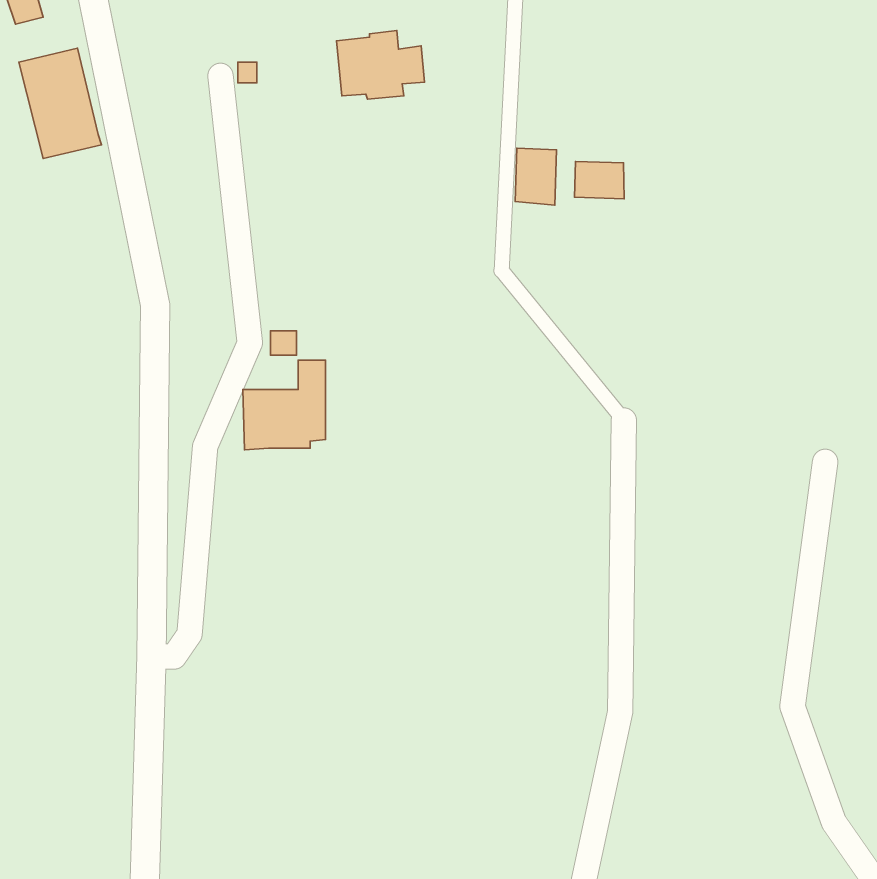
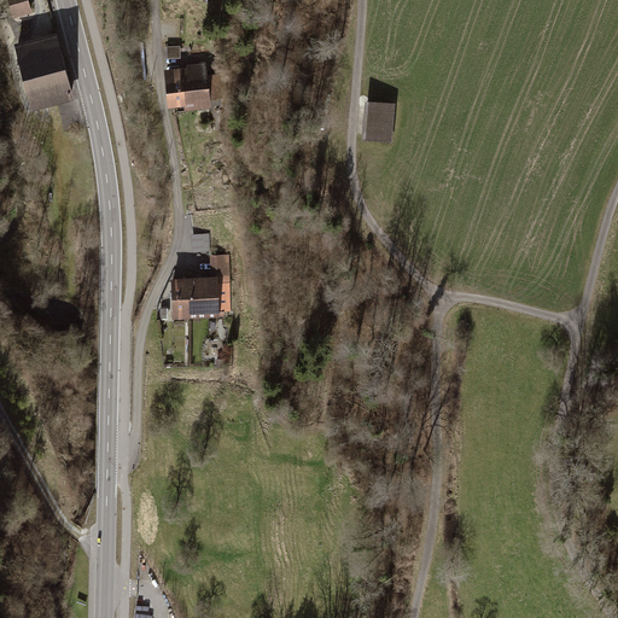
building: [337,30,424,99] -> [163,63,225,111]
building: [575,161,624,199] -> none

